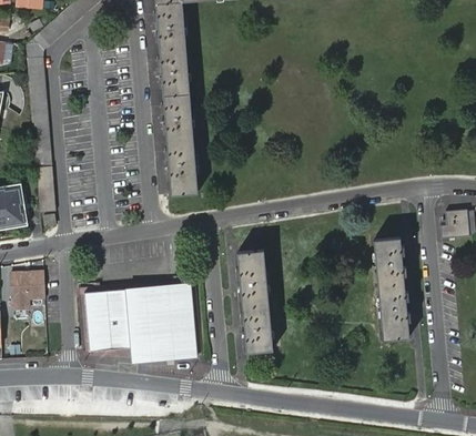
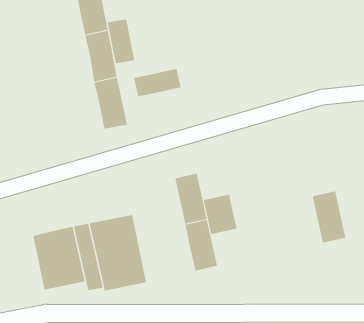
building: none -> [107,18,135,64]
building: none -> [134,68,181,97]
building: [374,239,404,290] -> none
building: none -> [203,194,237,235]

